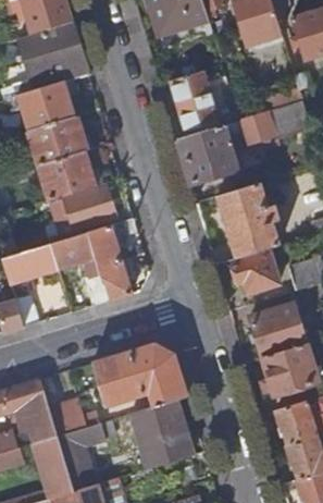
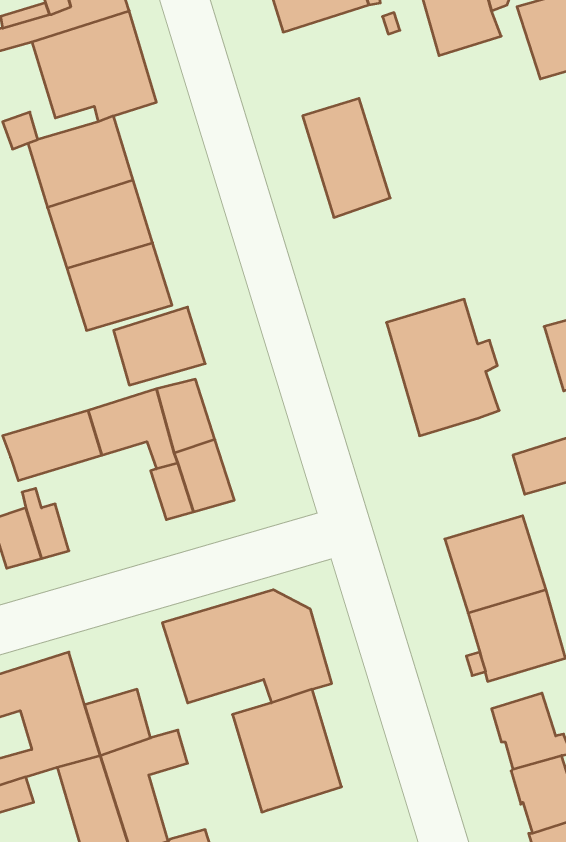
building: [176,100,309,185] -> none
building: [233,244,285,294] -> none

